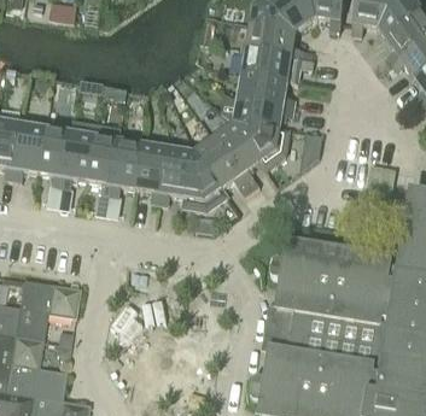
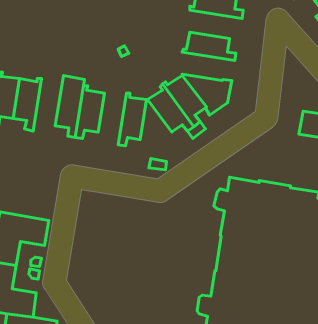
building: [240,48,314,82] -> none
building: [232,96,293,129] -> none
building: [62,119,97,188] -> none
building: [136,142,169,203] -> none
building: [182,151,227,210] -> none

